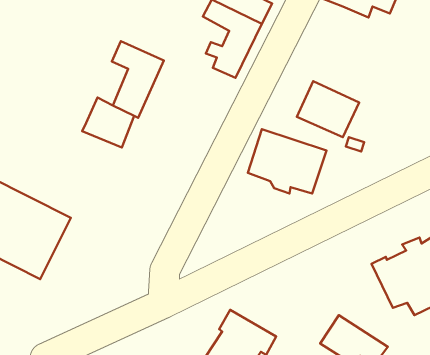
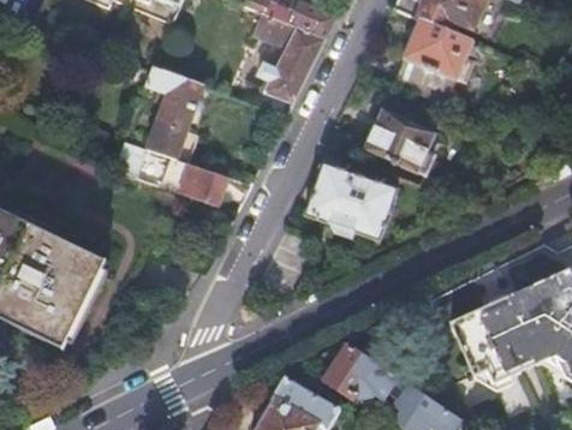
building: none -> [393,19,472,106]
building: none -> [179,159,230,209]
building: none -> [326,345,397,399]

